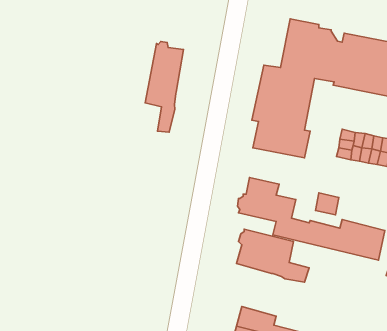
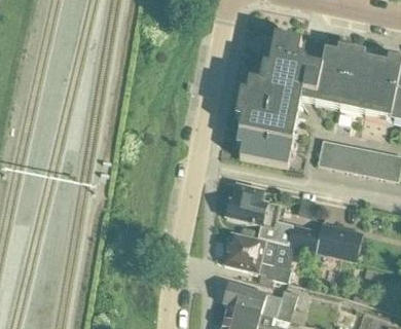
building: [145,42,184,132] -> none
building: none -> [223,282,298,320]

